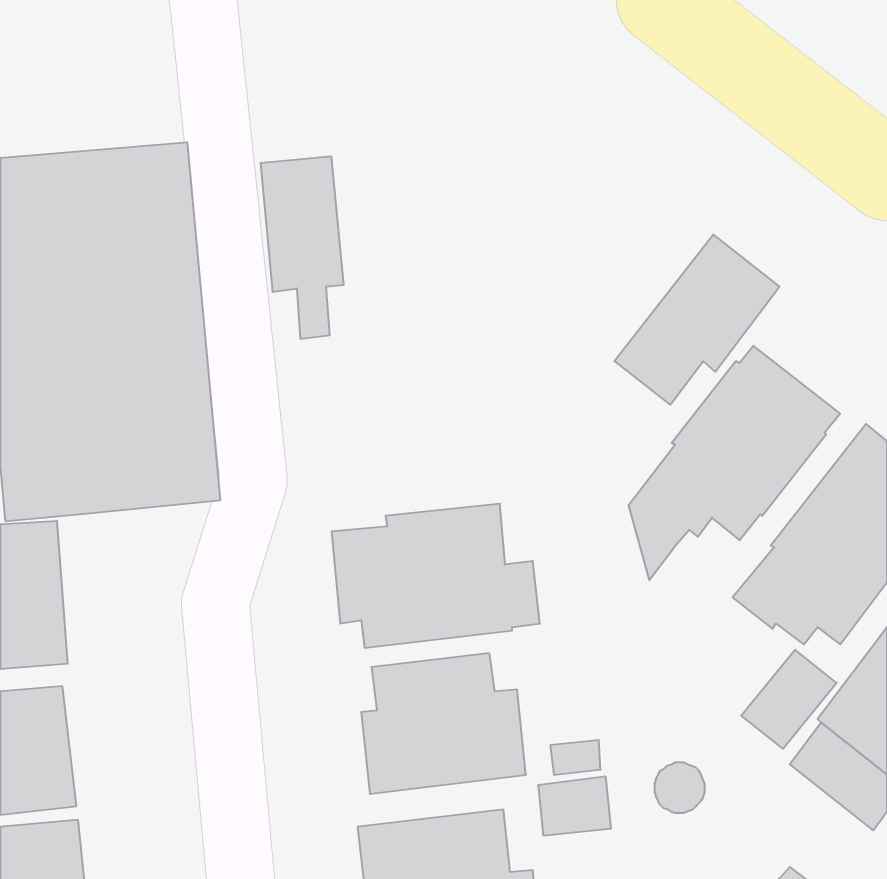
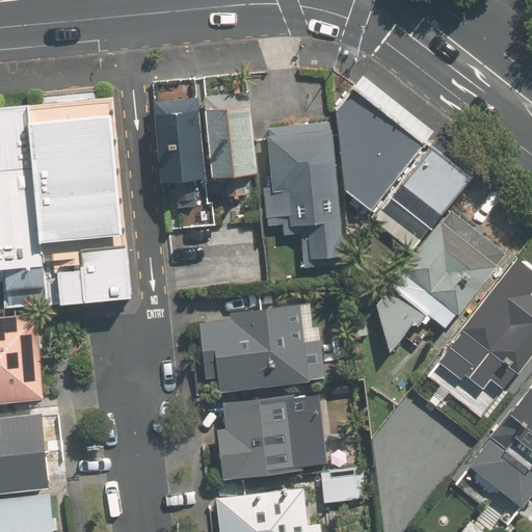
building: none -> [336,85,422,209]
building: none -> [203,95,254,197]
building: none -> [262,124,343,269]

